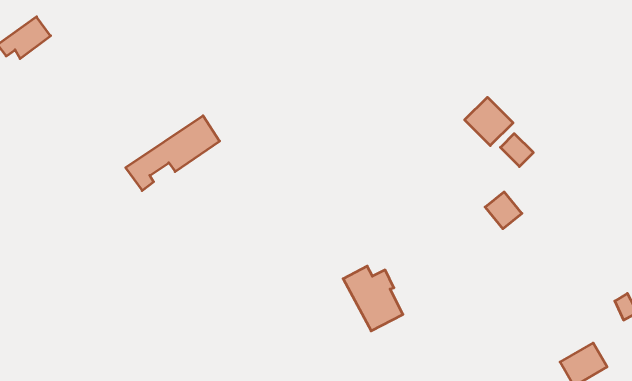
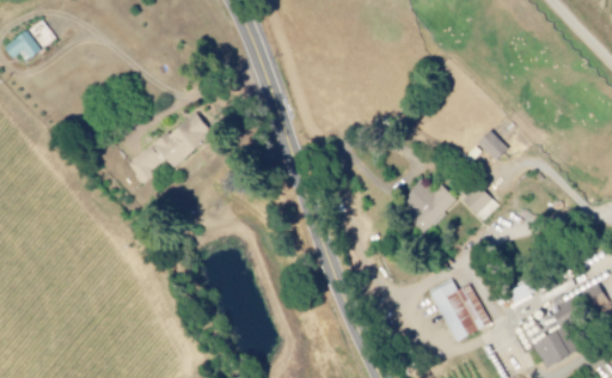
building: [465,97,513,146] -> none
building: none -> [402,181,457,226]
building: [343,266,403,331] -> [430,280,486,341]

